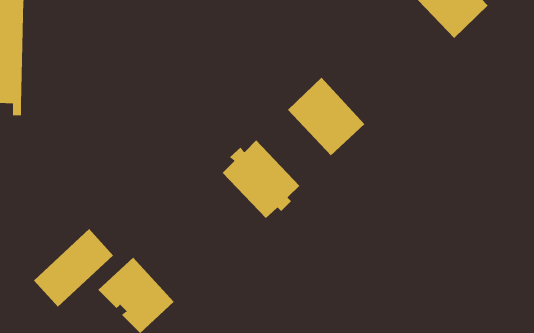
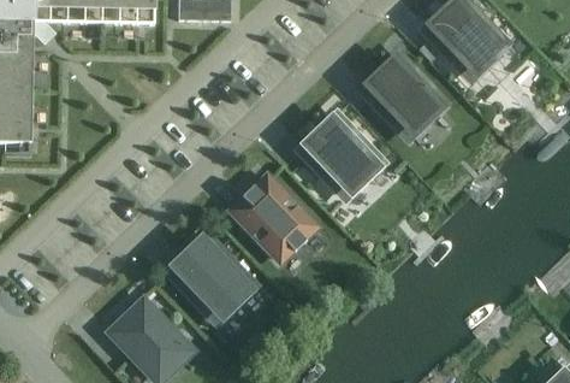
building: none -> [362,53,443,134]
building: none -> [171,237,250,318]
building: [33,228,114,308] -> none

